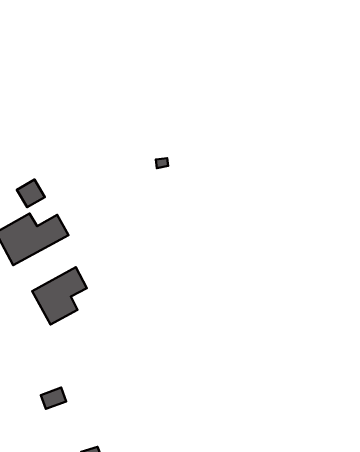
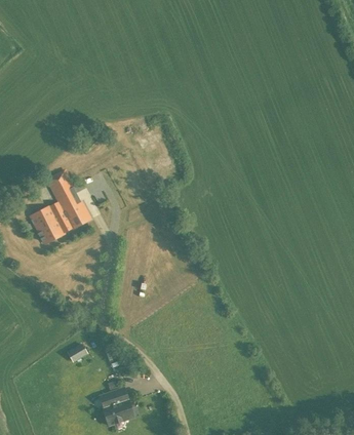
building: [32,267,87,324] -> none

